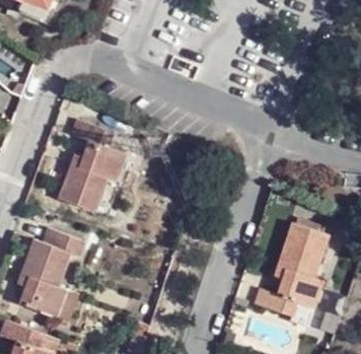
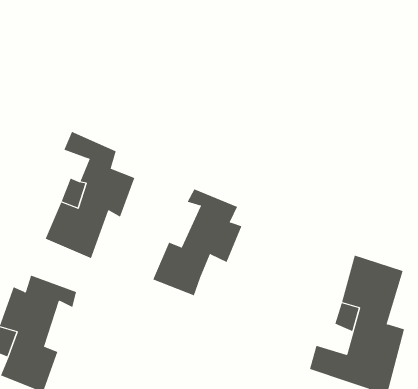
building: none -> [152,188,242,296]

